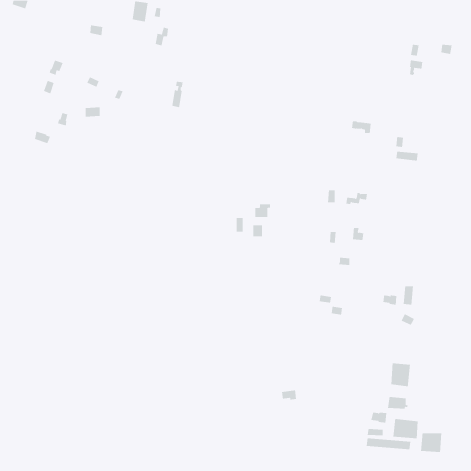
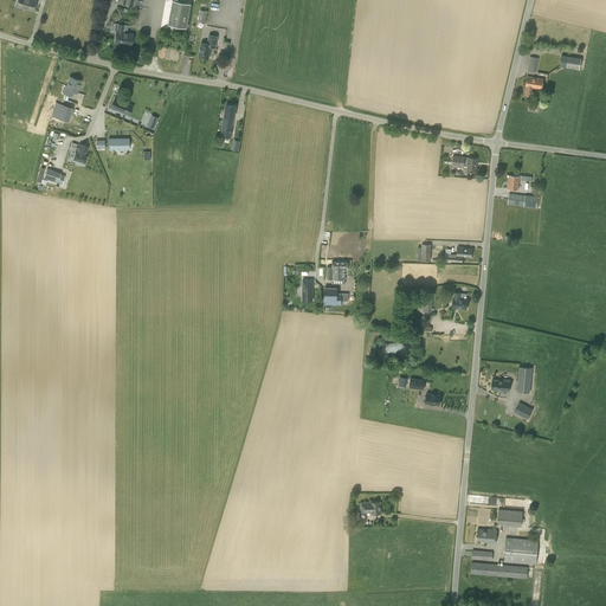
building: [391,363,411,387] -> none
building: [420,432,442,453] -> none

